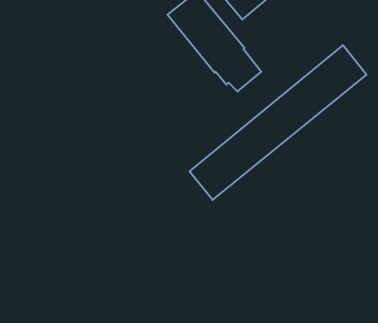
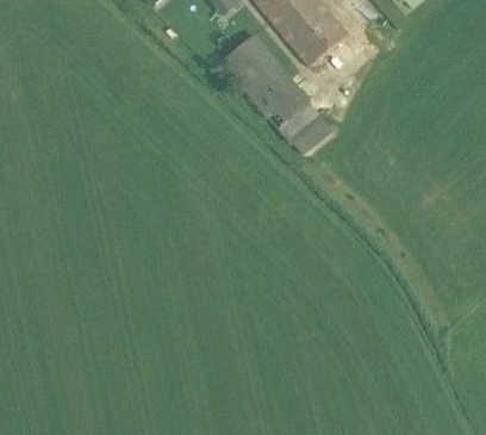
building: [190,45,366,200] -> none

